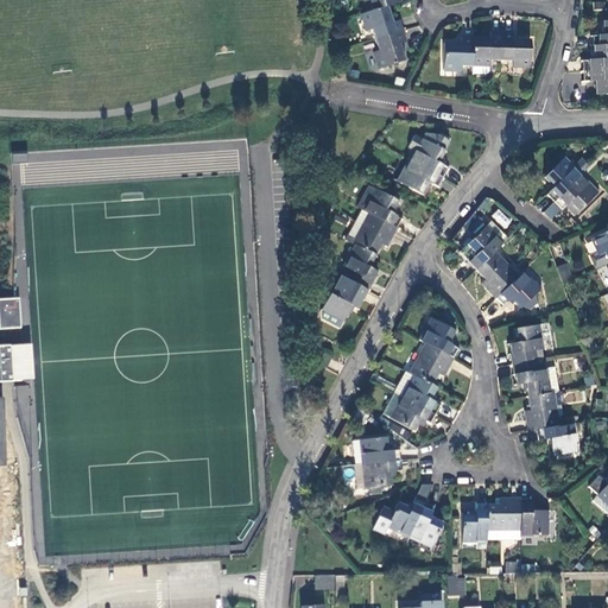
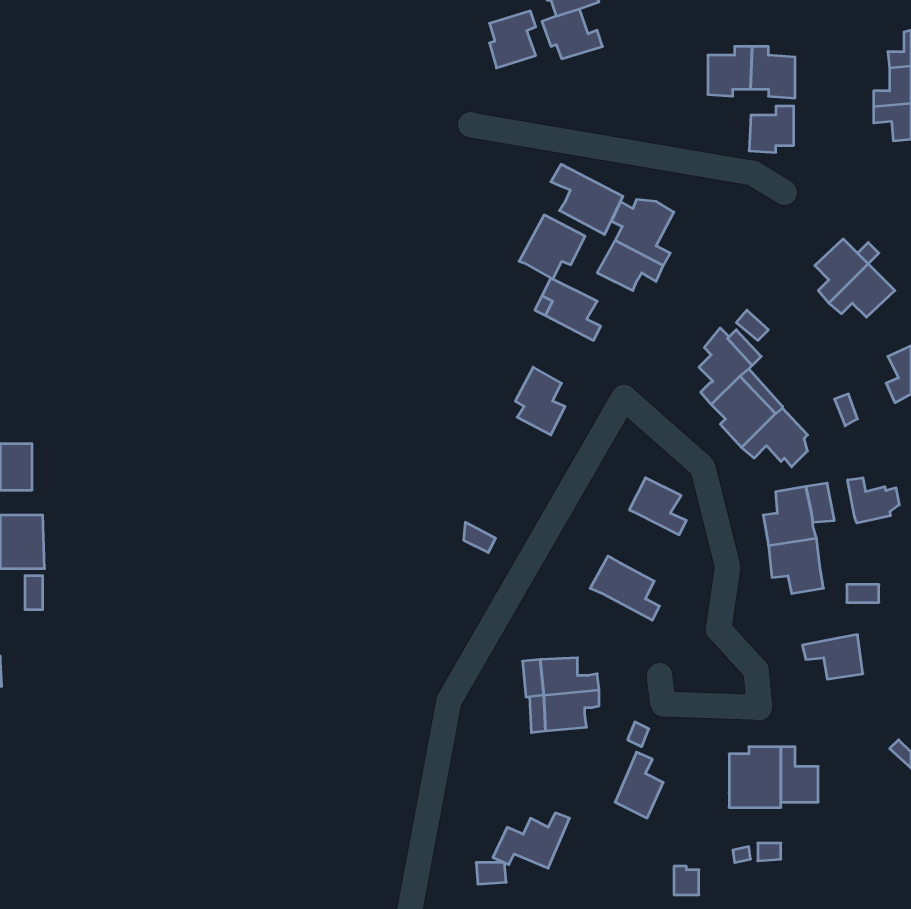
building: [374,31,405,69] -> [489,11,536,68]
building: [442,37,471,68] -> [749,106,794,152]
building: none -> [551,164,623,235]
building: [352,213,395,255] -> [519,215,585,279]
building: [322,274,367,319] -> none
building: none -> [848,478,899,523]
building: [407,342,452,385] -> none
building: [382,392,435,430] -> none
building: [524,392,558,431] -> none
building: [373,498,424,534] -> [493,813,570,868]
building: [461,502,486,539] -> none

